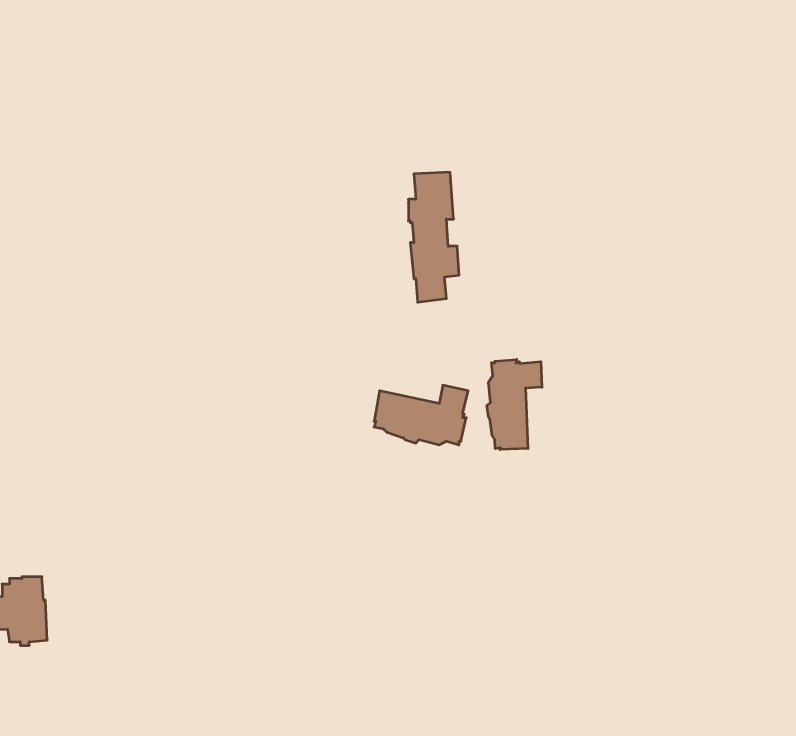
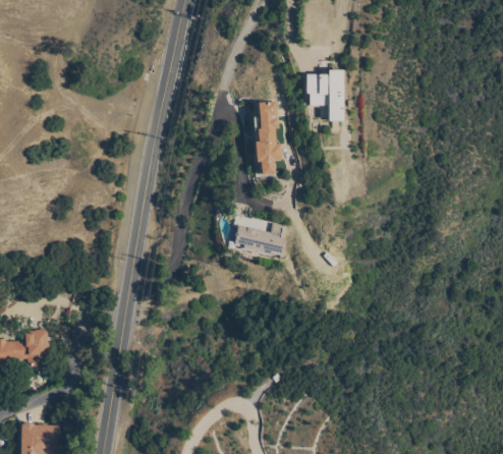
building: none -> [305,69,343,120]
building: [487,359,542,450] -> none

